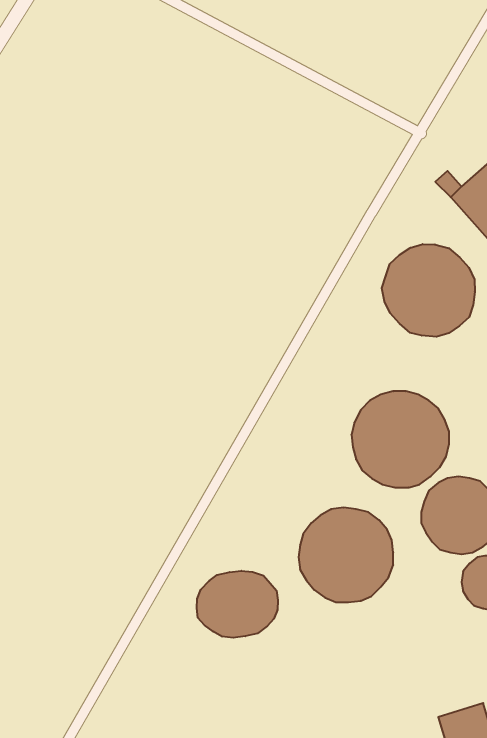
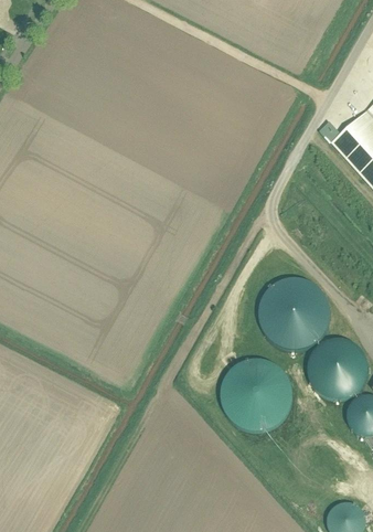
building: [382,244,475,337] -> none
building: [197,571,278,638] -> none

